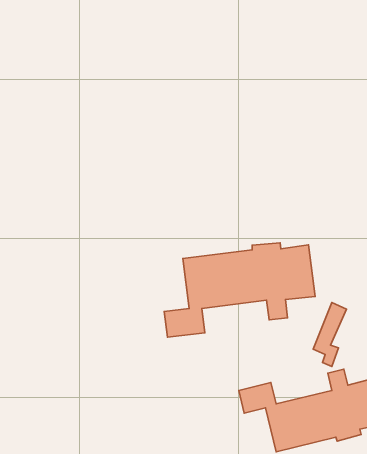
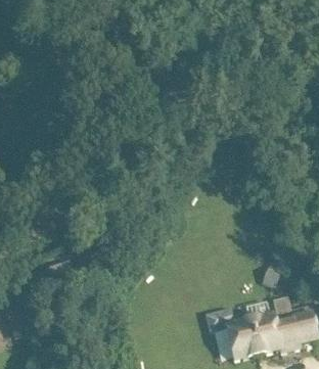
building: [164,243,315,337] -> none

